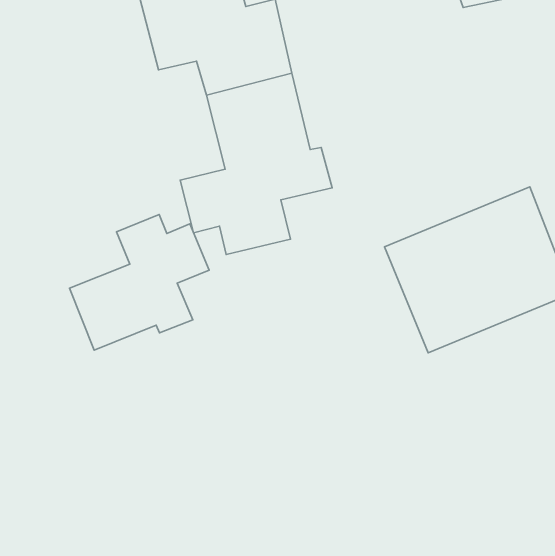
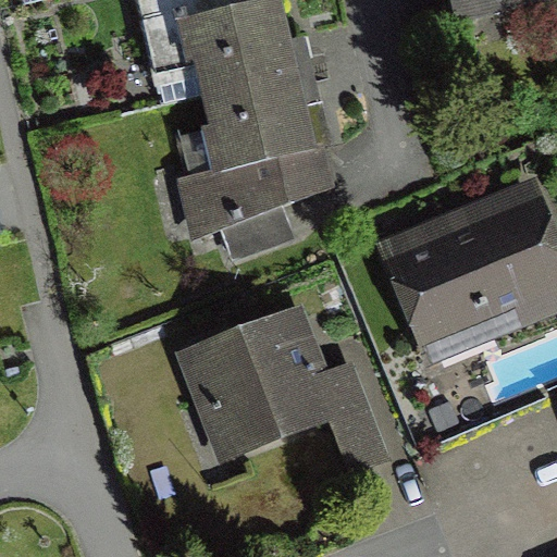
building: [70,215,209,350] -> none
building: none -> [187,312,386,468]

